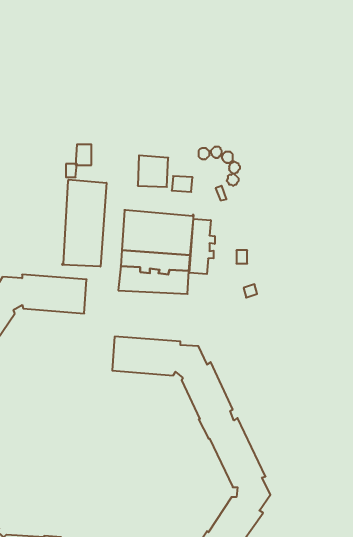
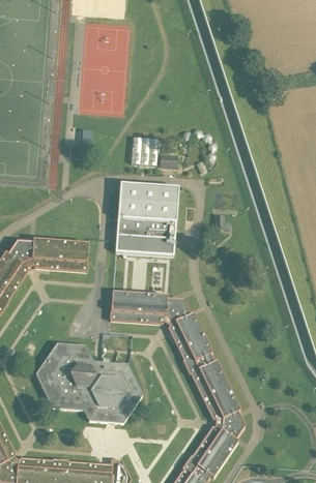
building: [62,180,106,267] -> none
building: [190,219,215,274] -> none
building: none -> [35,344,142,423]

